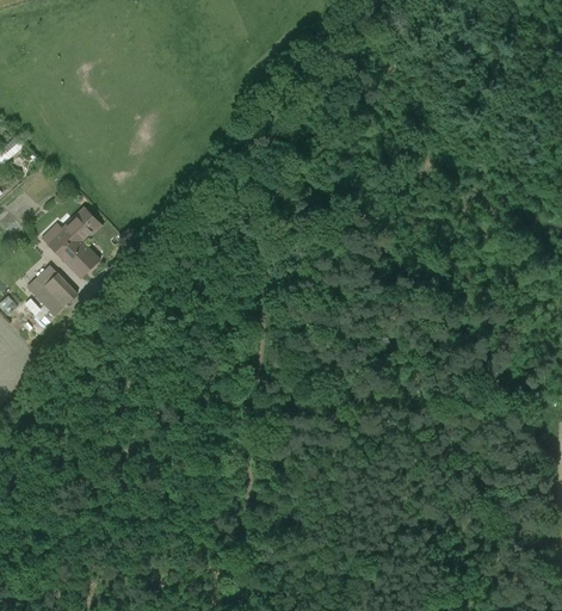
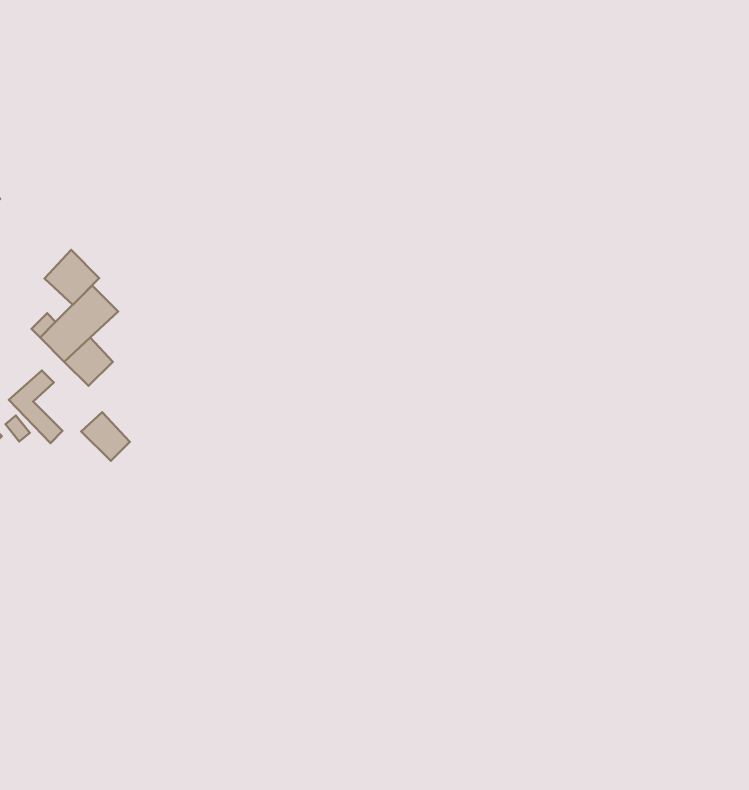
building: none -> [45,250,99,305]
building: [43,273,76,307] -> [81,412,130,461]

